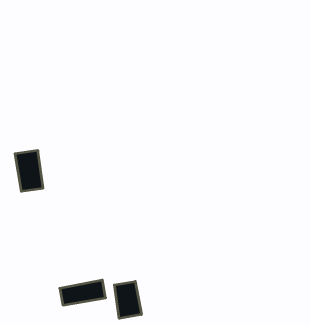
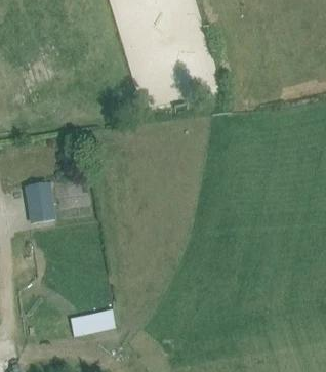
building: [114,281,141,318] -> none

